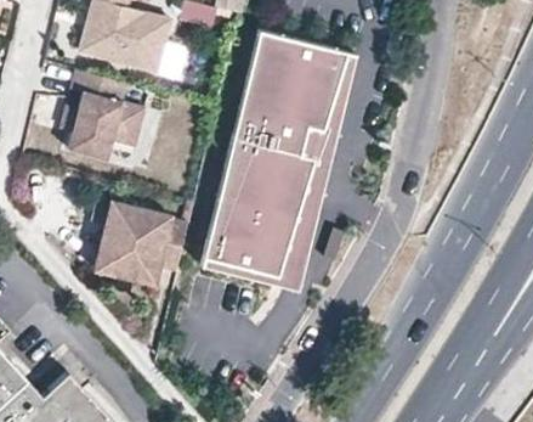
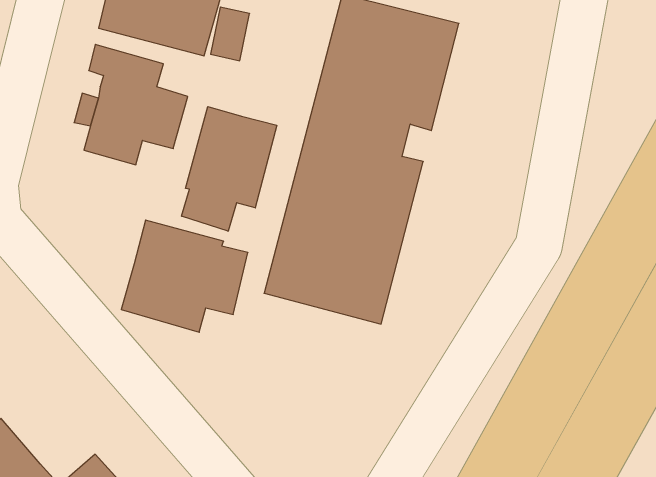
building: none -> [182,107,277,231]

